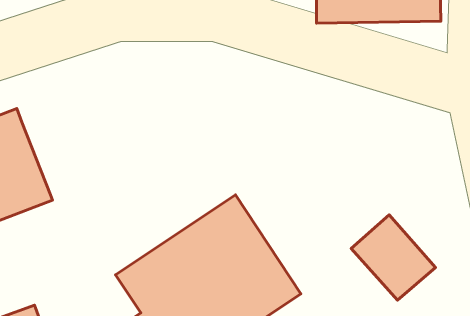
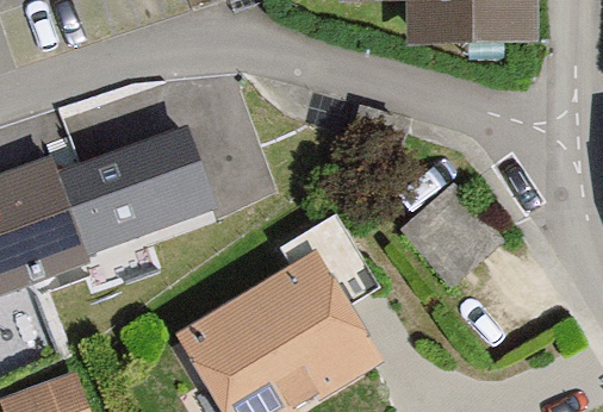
building: none -> [67,118,224,245]
building: [351,215,435,300] -> [406,182,502,279]

